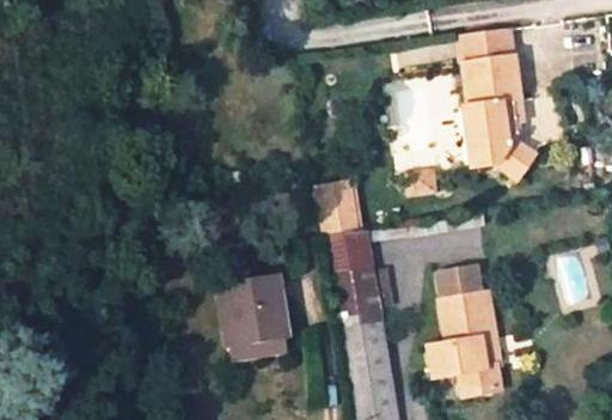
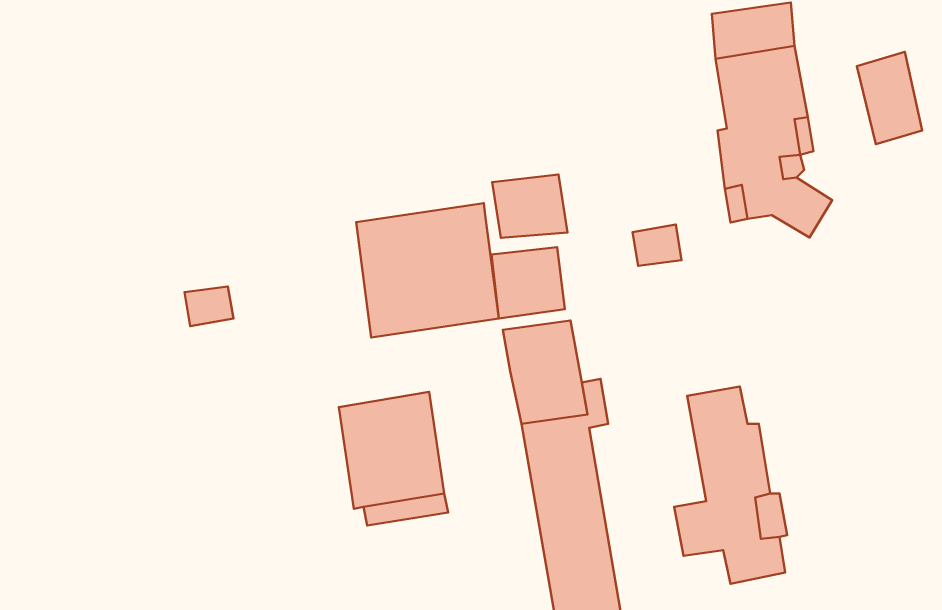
building: none -> [857,52,922,144]
building: none -> [492,174,568,238]
building: none -> [356,203,499,338]

